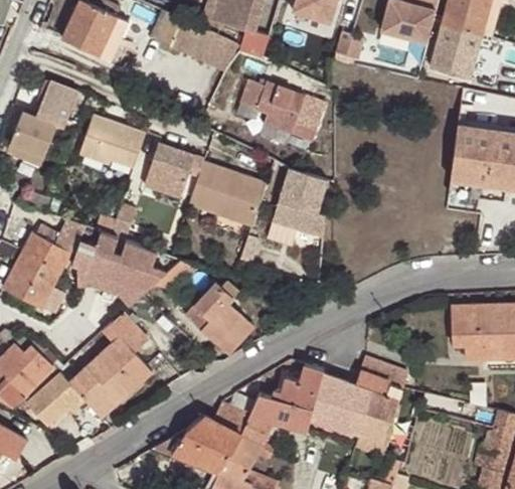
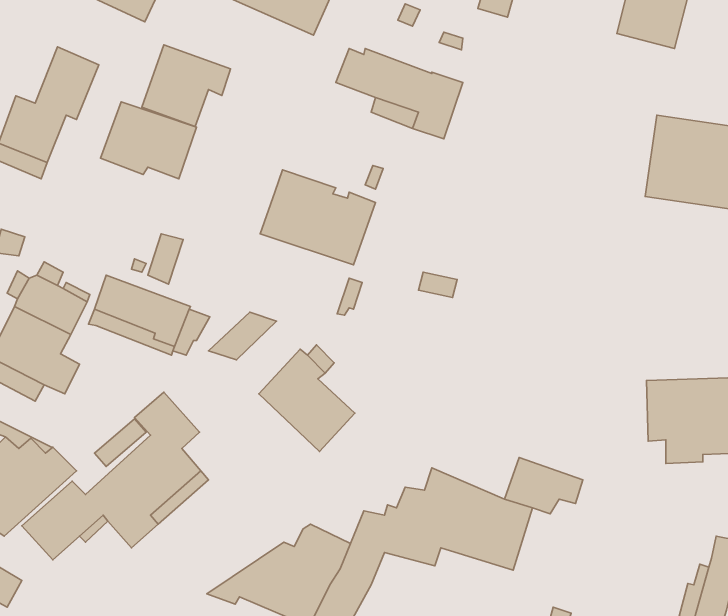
building: [144,143,204,198] -> [142,45,231,126]
building: [274,168,327,235] -> none
building: [356,385,402,453] -> none

